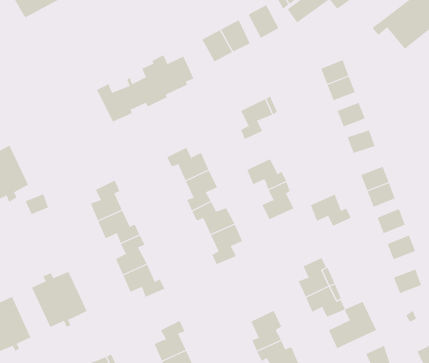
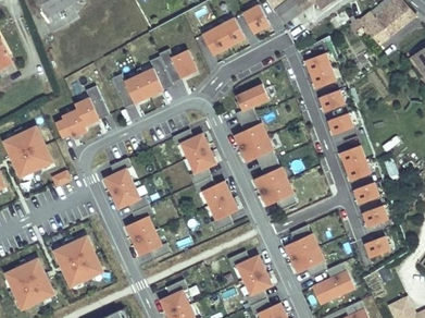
building: none -> [54,85,109,137]
building: none -> [234,114,261,148]
building: [310,194,351,226] -> [260,182,296,210]
building: none -> [227,250,264,280]

